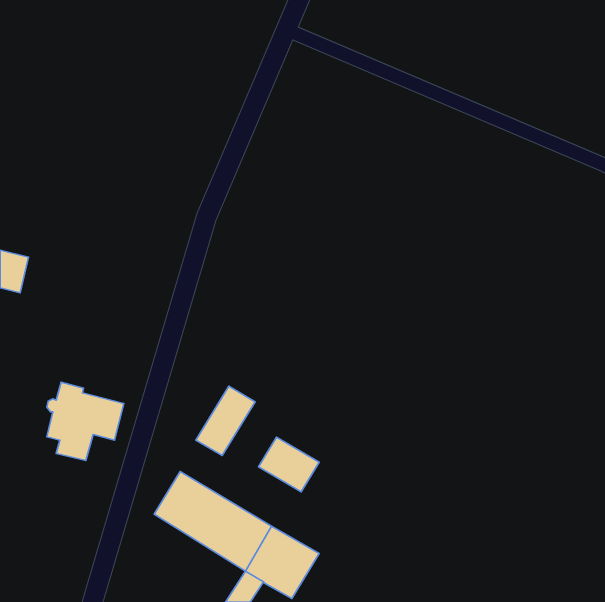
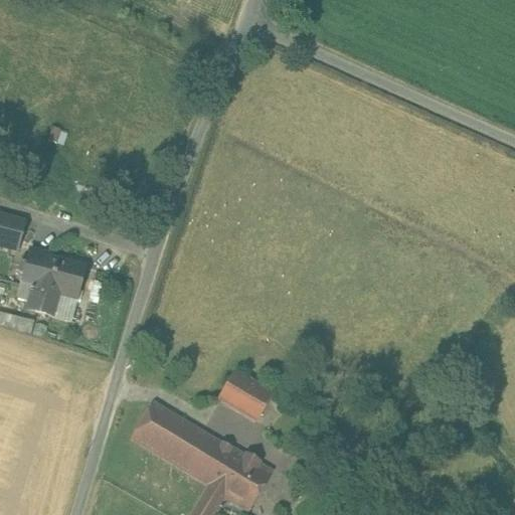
building: [47,382,124,460] -> [19,247,84,314]
building: [196,386,255,456] -> none

